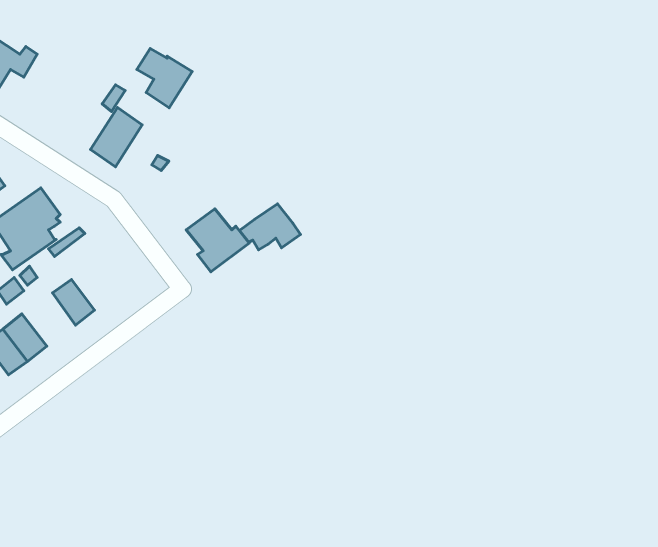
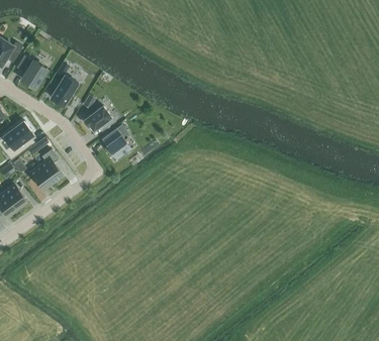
building: [137,49,192,108] -> [17,56,46,88]
building: [239,204,301,250] -> [83,106,115,130]
building: none -> [40,149,63,182]

